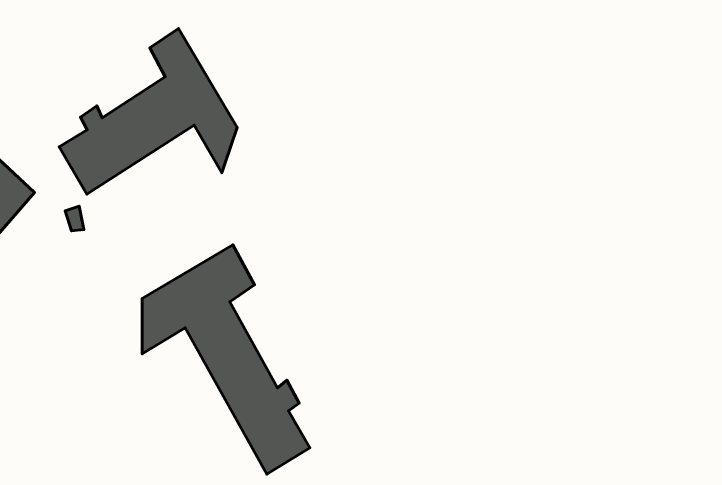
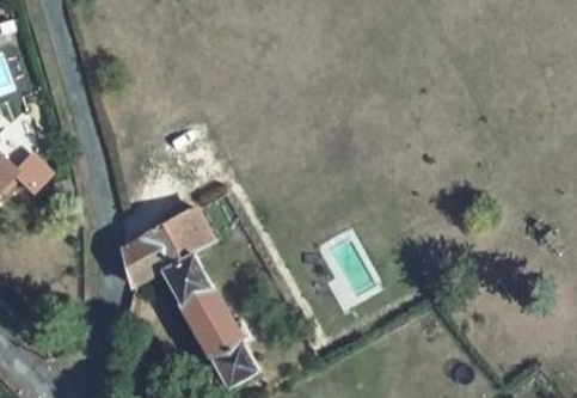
building: [59,29,237,194] -> none

